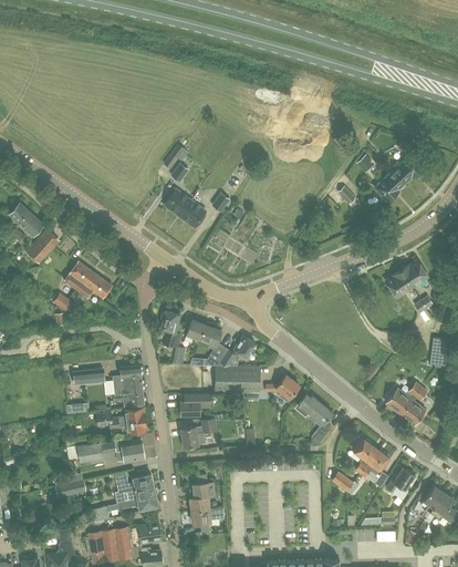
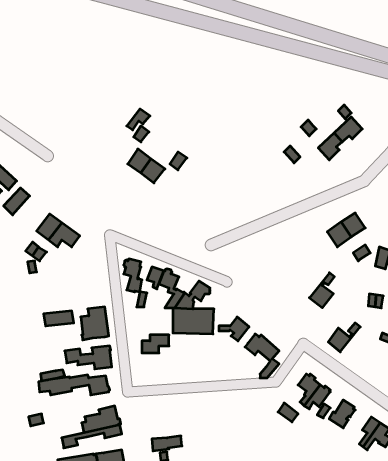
building: [399,386,427,425] -> [309,273,334,308]
building: [180,419,216,447] -> none
building: [190,475,215,511] -> none

